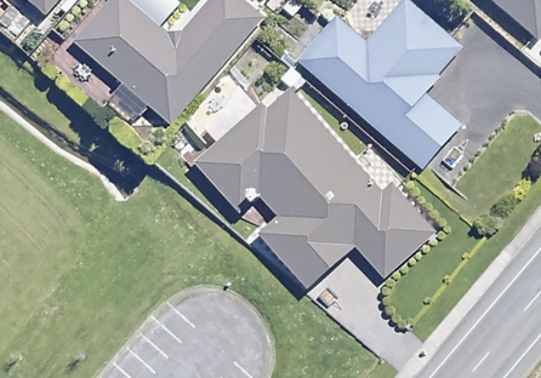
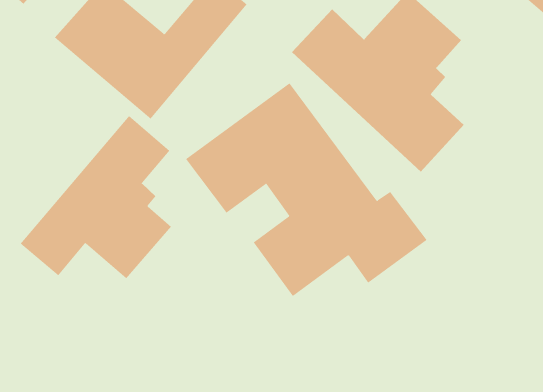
building: none -> [20,115,172,279]

